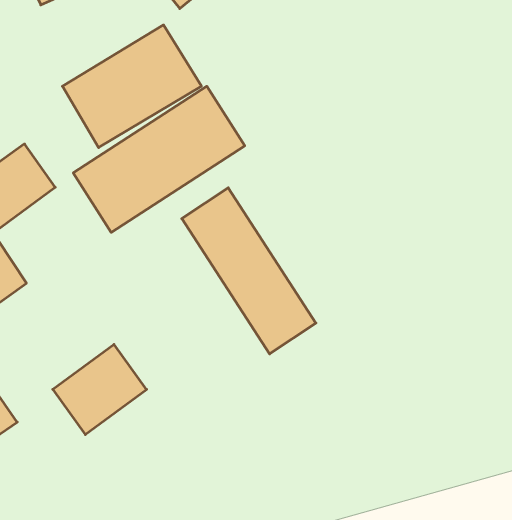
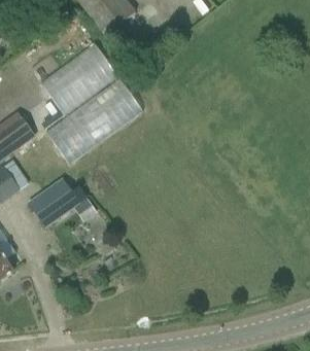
building: [182,188,316,354] -> none
building: [53,344,147,435] -> [27,176,80,227]

